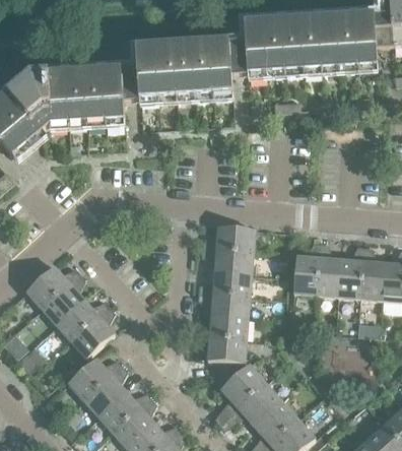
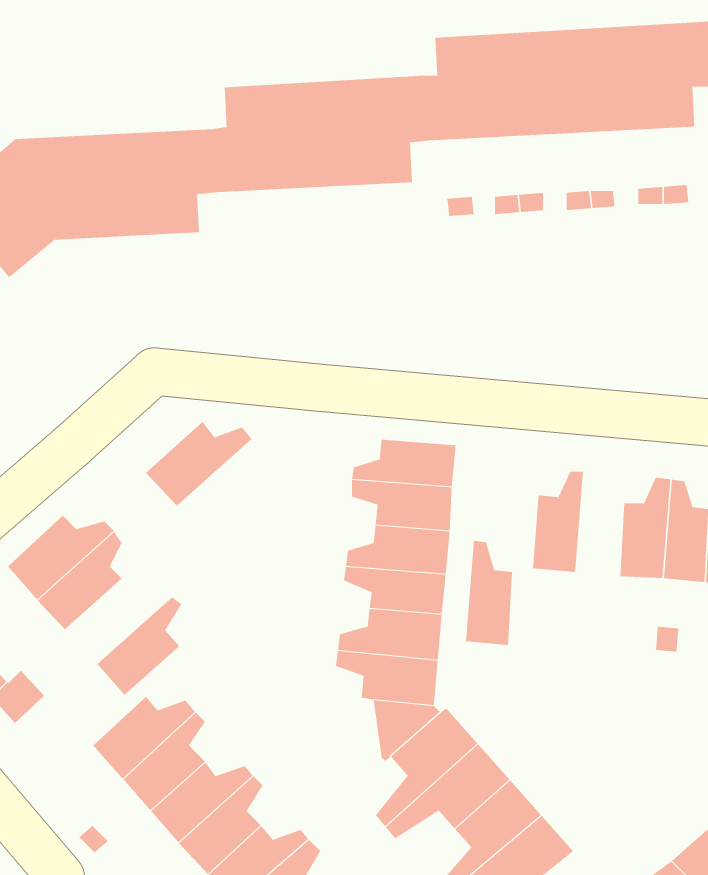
building: [316,242,340,296] -> [465,540,513,646]
building: [55,297,110,340] -> [145,421,252,506]

